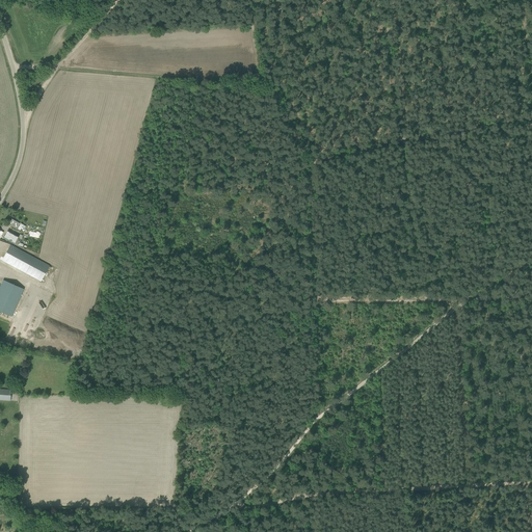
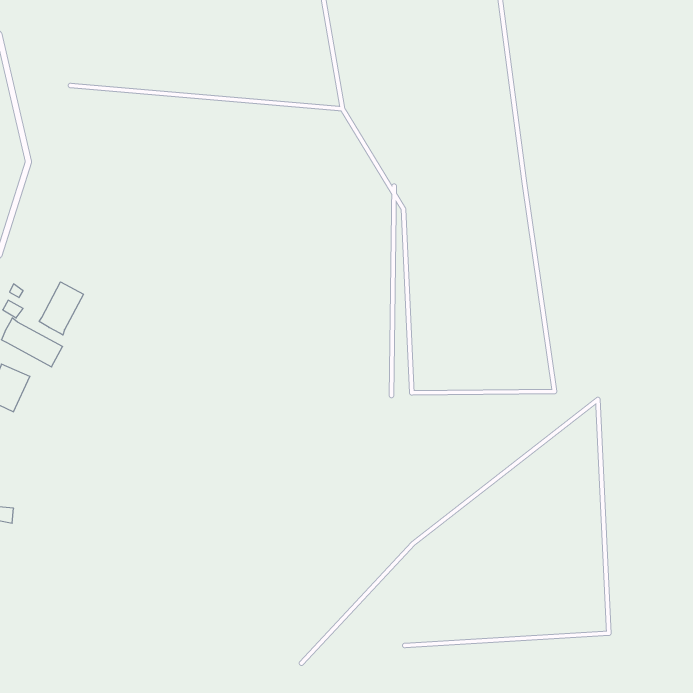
building: none -> [39,282,83,335]

